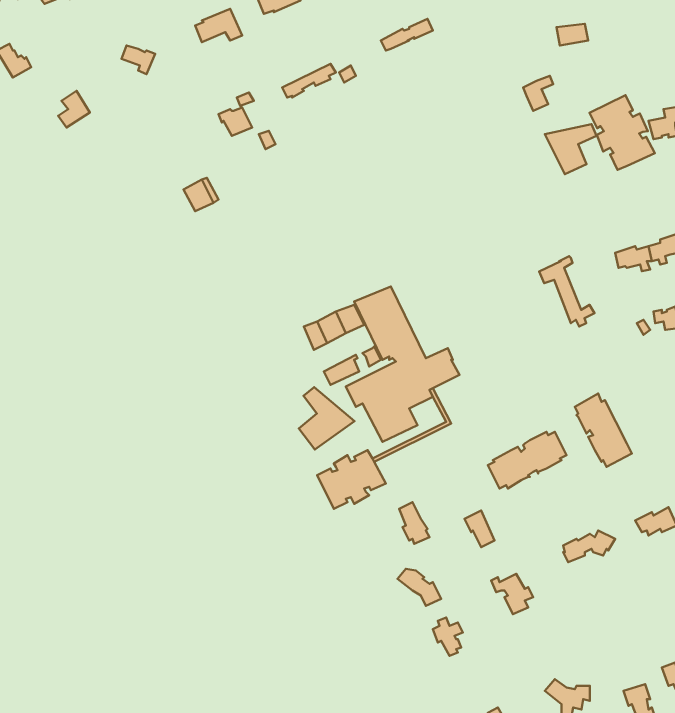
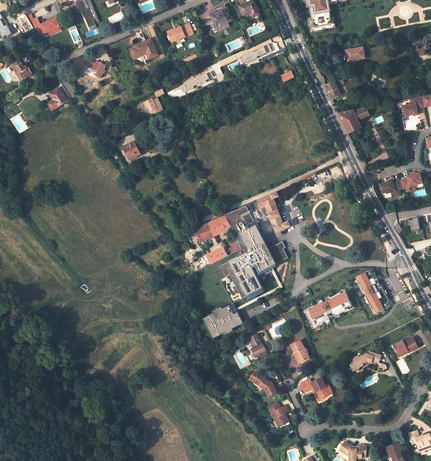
building: [590,95,655,170] -> none
building: [539,256,594,327] -> [257,191,290,233]
building: [299,387,354,450] -> none

